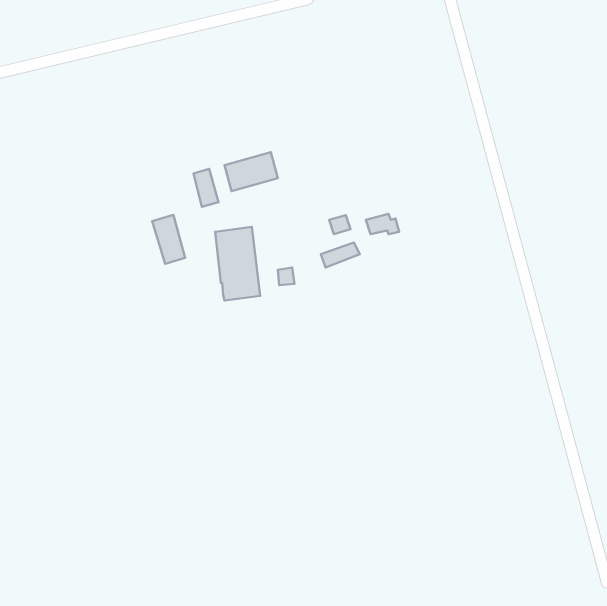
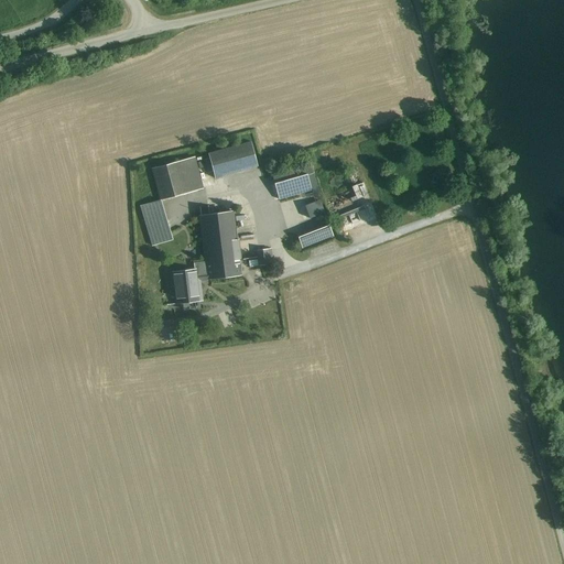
building: none -> [152,161,187,199]
building: none -> [274,173,312,199]
building: none -> [173,262,207,303]

